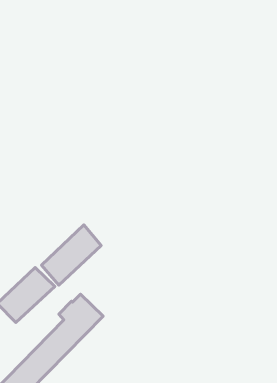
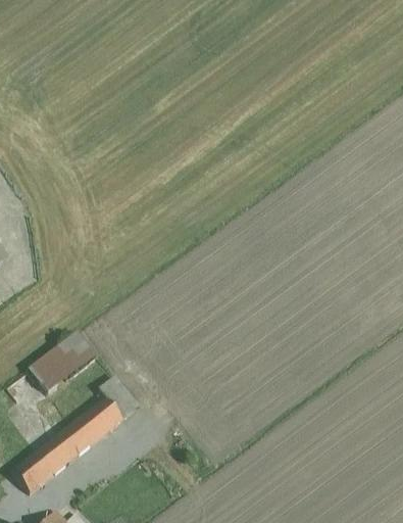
building: [41,225,101,285] -> none

